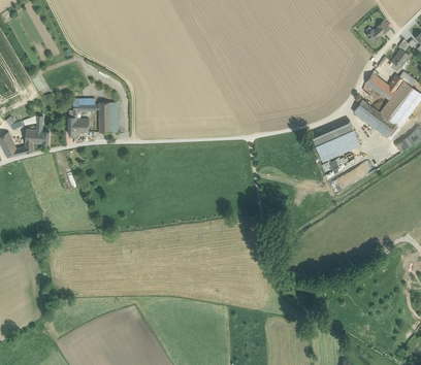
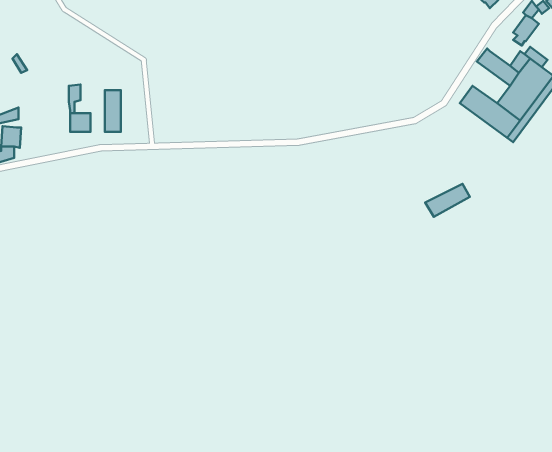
building: [312,120,360,161] -> none

